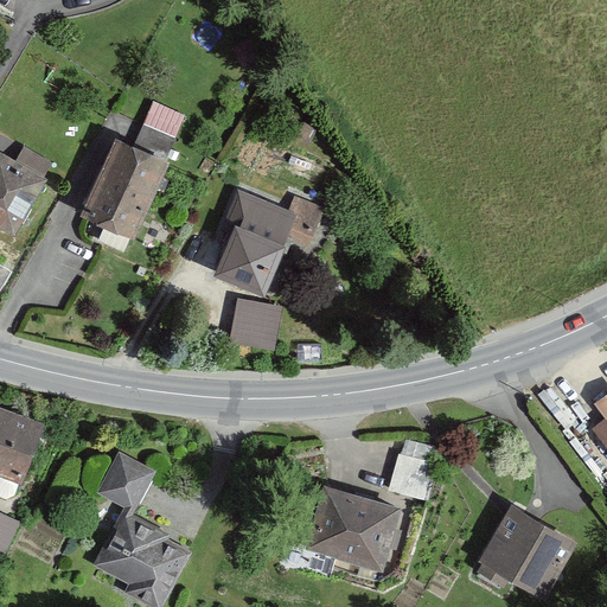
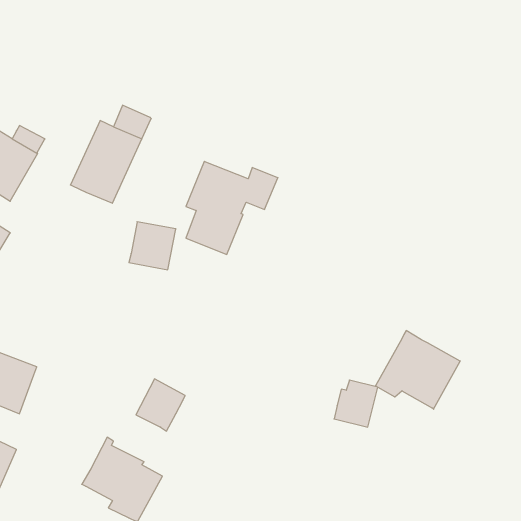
building: [226,296,281,352] -> [129,222,176,270]
building: [96,452,153,512] -> [136,379,185,431]
building: [306,485,401,570] -> none
building: [477,507,575,599] -> [375,331,460,409]

